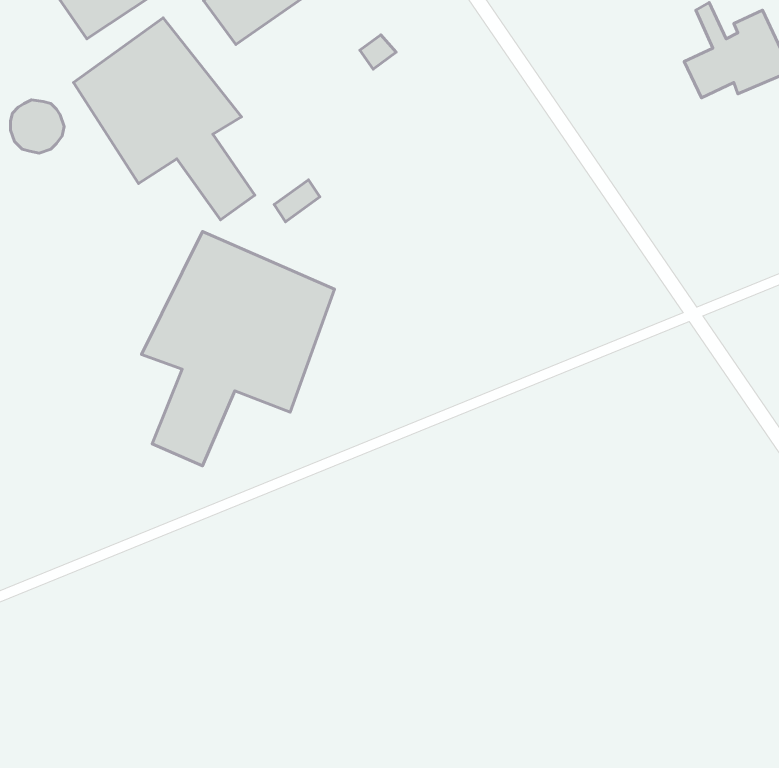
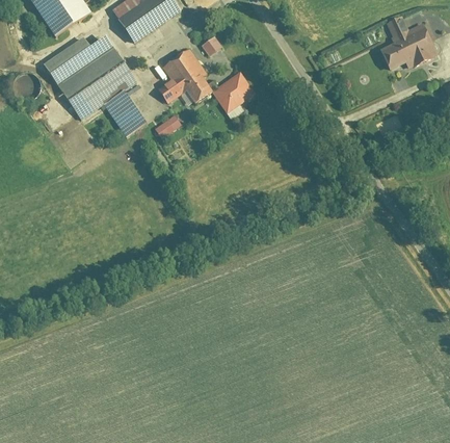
building: none -> [157,49,255,118]
building: [141,232,334,466] -> none

